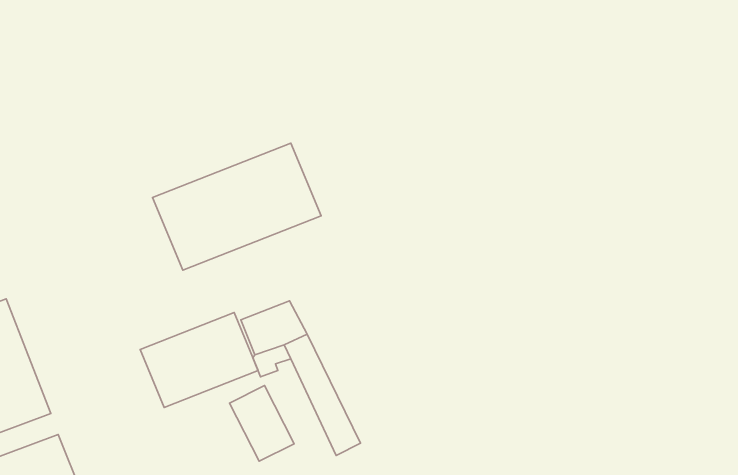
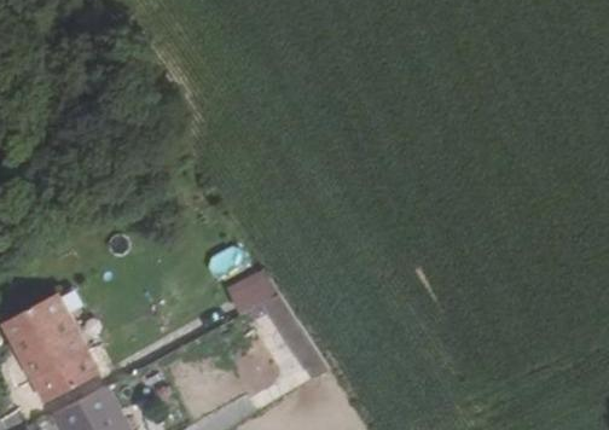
building: [153,143,321,270] -> none
building: [140,312,258,408] -> none

